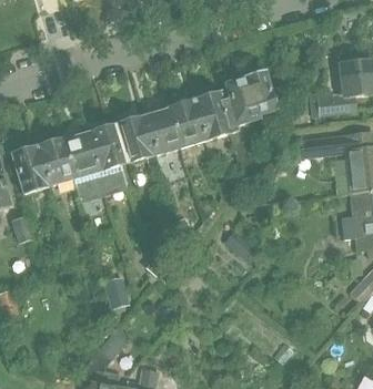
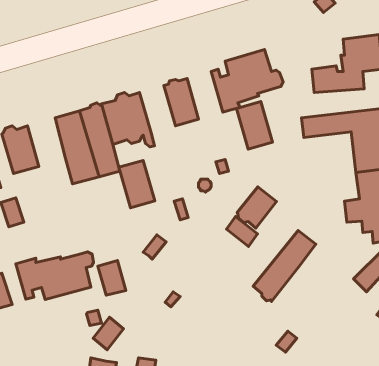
building: [188,95,222,141] -> [237,102,272,149]
building: [142,109,177,154] -> [119,160,155,208]
building: [34,139,71,186] -> none
building: none -> [237,187,277,228]
building: none -> [253,231,316,302]
building: none -> [16,252,94,300]

